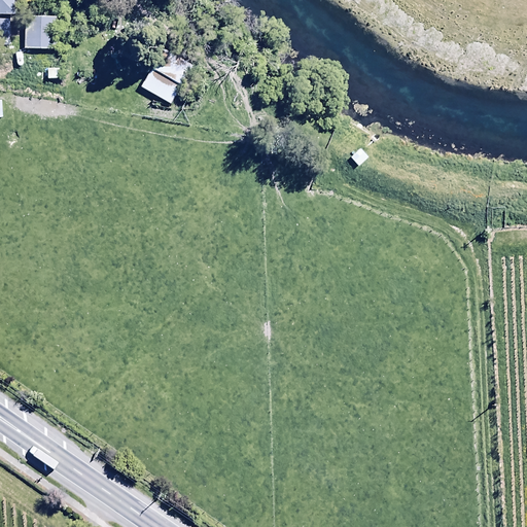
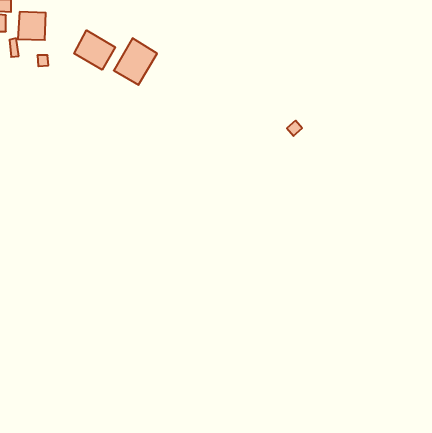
building: none -> [74,30,115,70]

